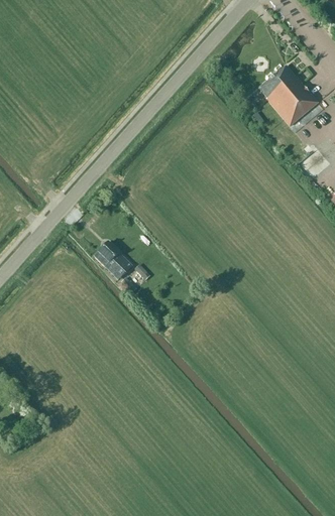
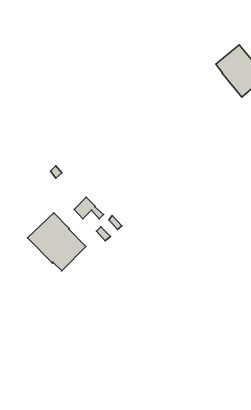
building: none -> [28,213,86,271]

